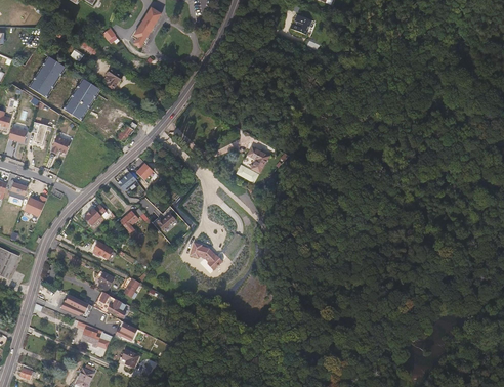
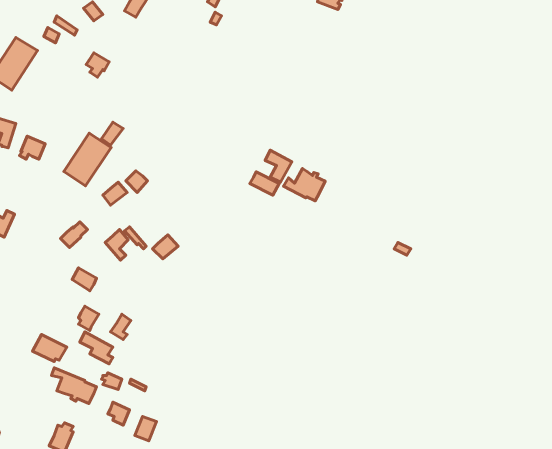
building: [62,78,100,120] -> [64,133,111,186]
building: none -> [283,168,325,201]
building: [190,242,222,269] -> none

